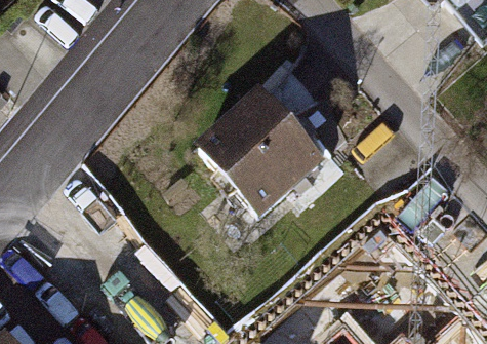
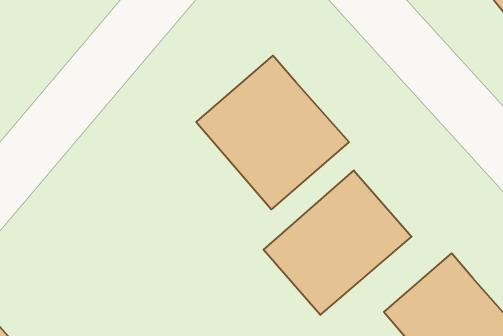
building: none -> [264,170,412,315]

